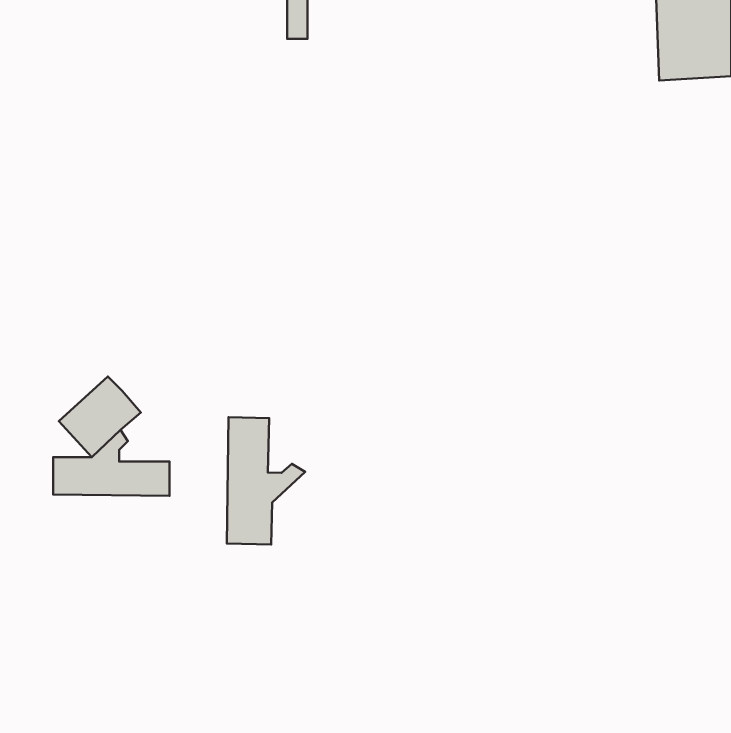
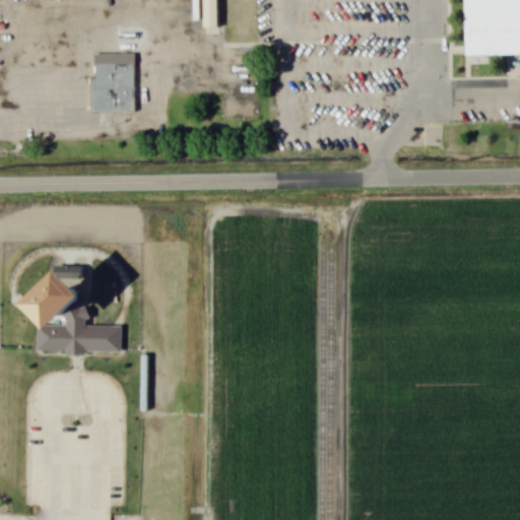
building: none -> [87,51,134,111]
building: [227,417,305,544] -> none

